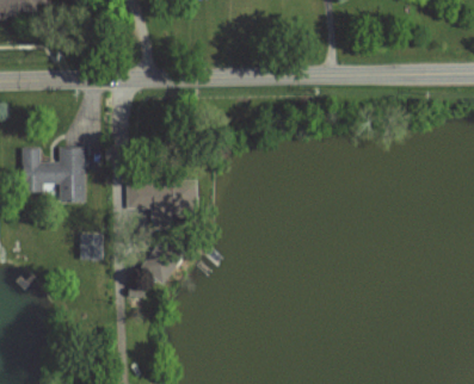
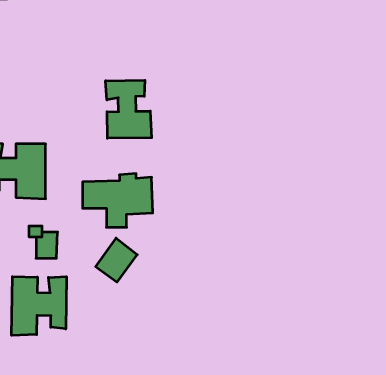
building: none -> [106,80,152,138]
building: none -> [12,277,66,335]

